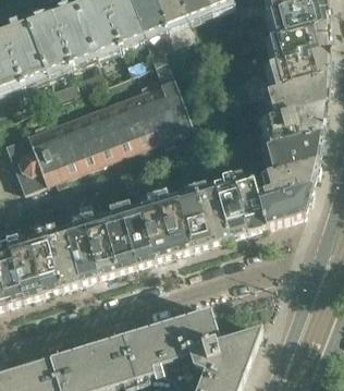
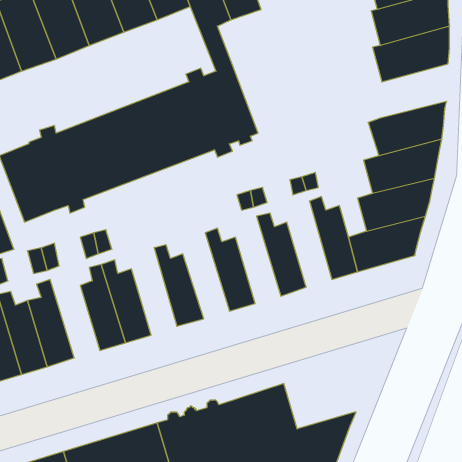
building: [271,75,327,114] -> none
building: [210,174,243,236] -> none
building: [173,185,206,248] -> none
building: [135,197,169,259] -> none
building: [98,208,131,271] -> none
building: [39,228,75,288] -> none

